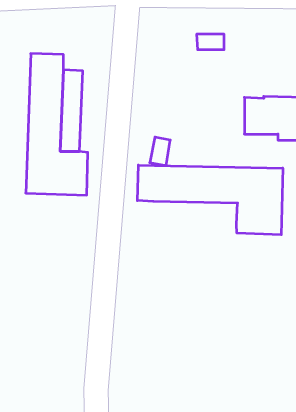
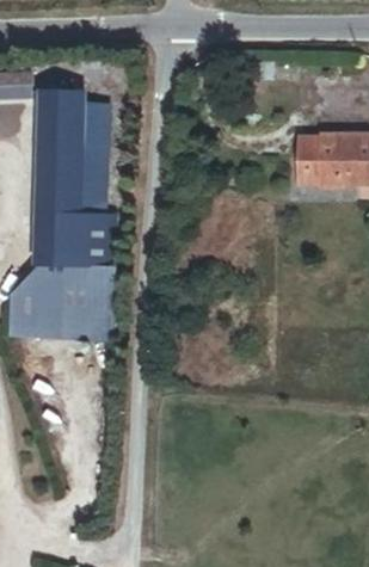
building: [137,165,283,235] -> none
building: none -> [18,255,115,335]

